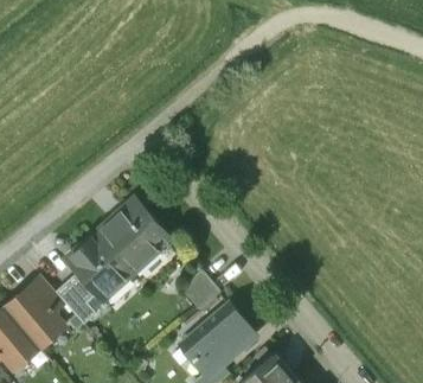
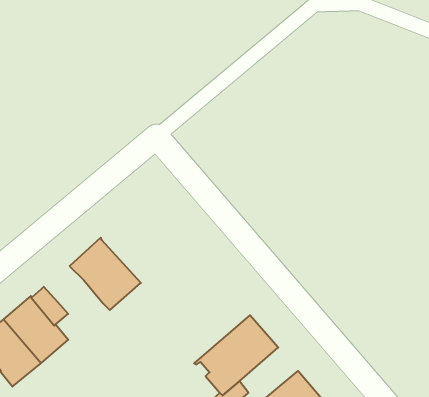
building: [95,198,171,274] -> none
building: [181,270,220,309] -> none
building: [55,272,96,324] -> none

